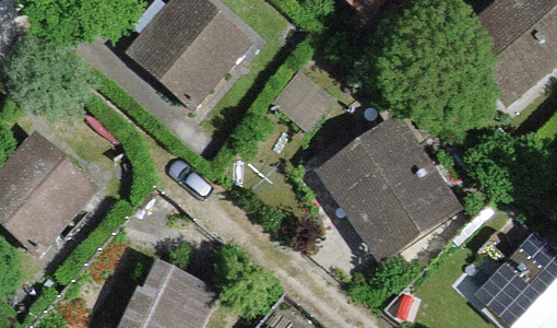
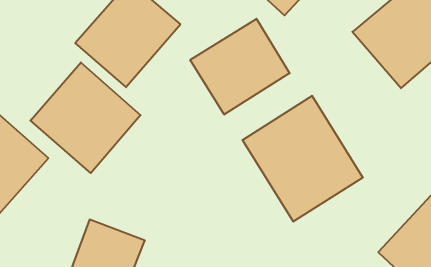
building: none -> [190,19,290,115]
building: none -> [30,62,141,173]

